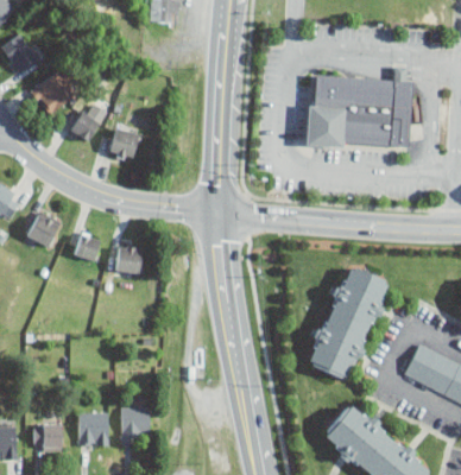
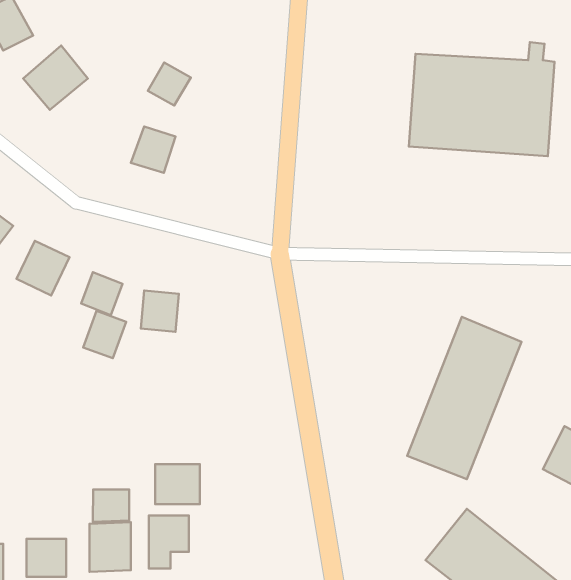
building: [69,112,100,142] -> [148,63,191,106]
building: none -> [83,311,126,358]
building: none -> [155,464,200,504]
building: none -> [93,490,129,522]

